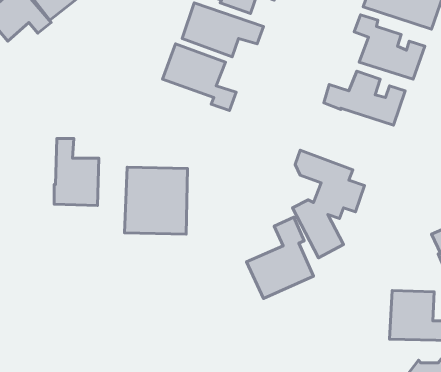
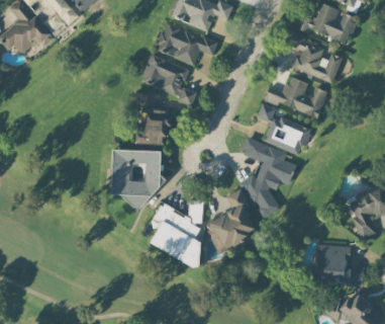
building: none -> [257,103,310,156]
building: [54,138,99,205] -> [135,93,170,145]
building: none -> [150,199,203,267]

